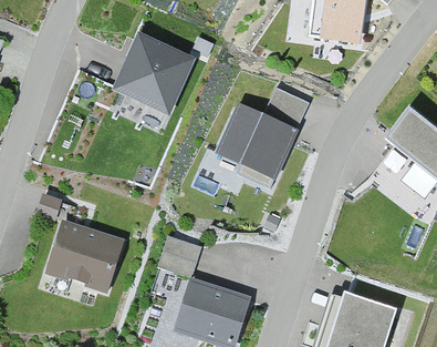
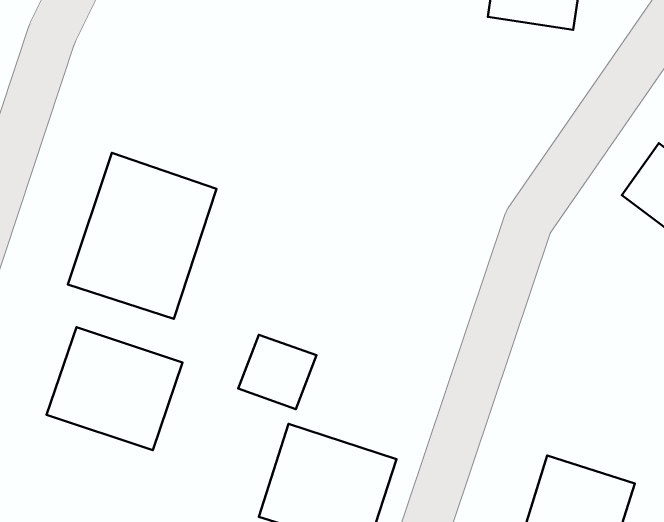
building: [119,38,186,103] -> none
building: [215,84,310,180] -> none
building: none -> [68,153,217,319]

